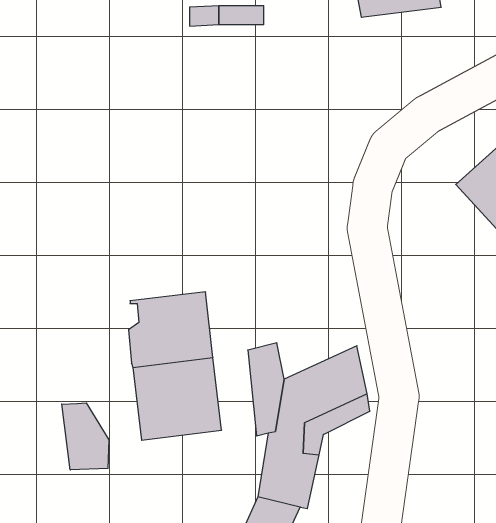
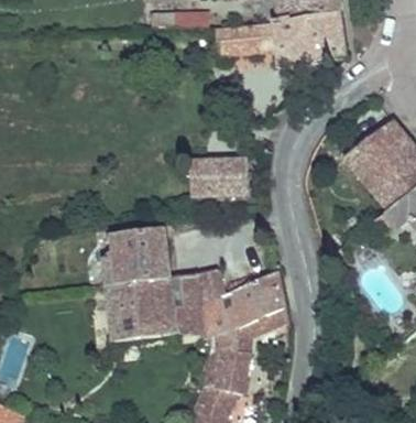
building: none -> [214,14,347,68]
building: none -> [189,161,248,196]
building: [62,403,109,470] -> none

